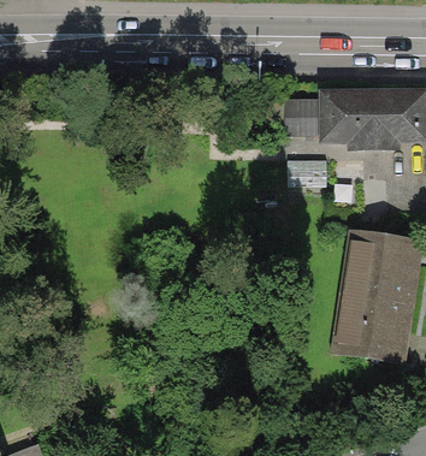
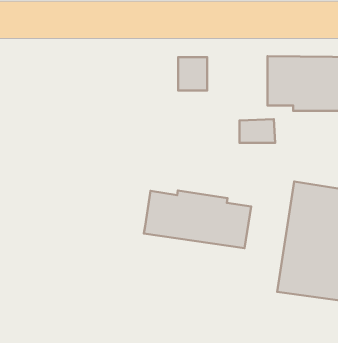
building: [285,97,318,135] -> [178,57,207,90]
building: none -> [144,190,251,248]

